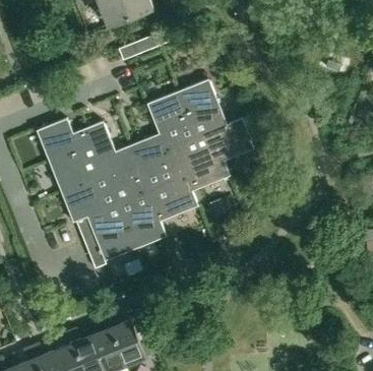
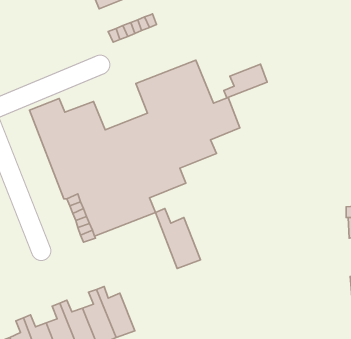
building: none -> [224,64,267,98]
building: none -> [155,209,200,269]

